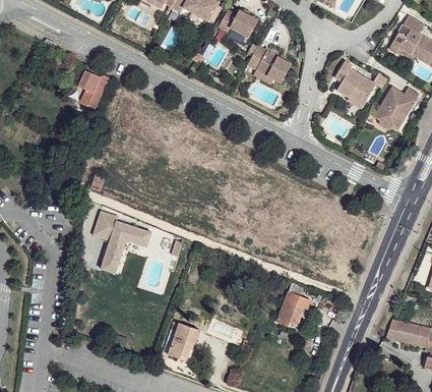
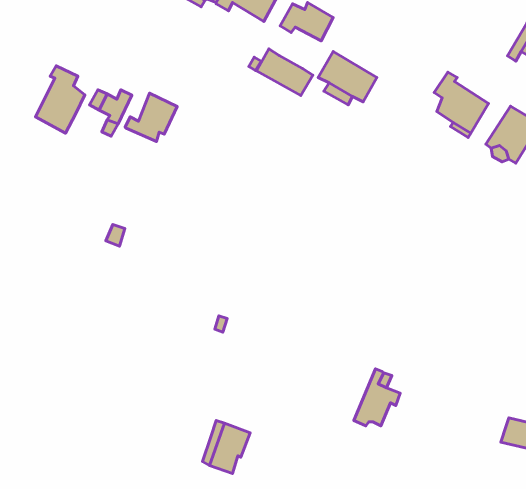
building: none -> [256,49,313,95]
building: none -> [36,66,85,133]
building: none -> [125,93,177,141]
building: [91,214,150,276] -> none

